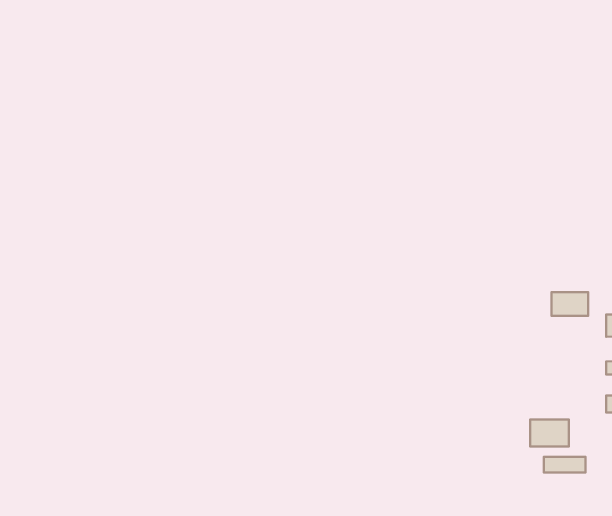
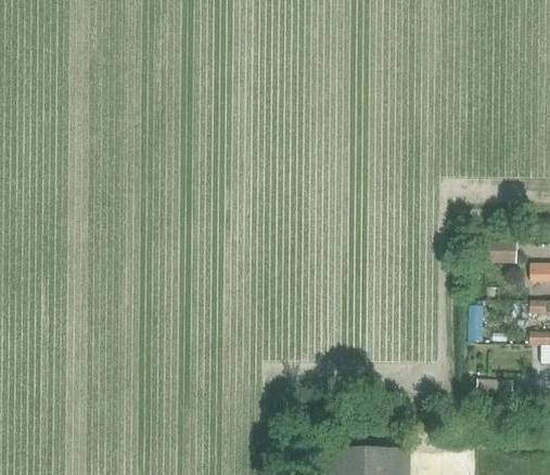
building: [530,419,569,447] -> none

